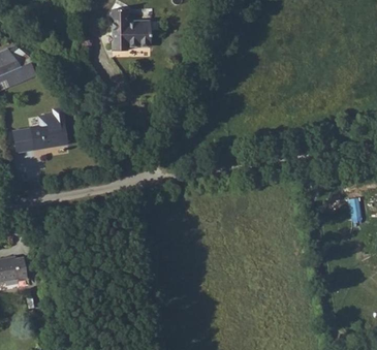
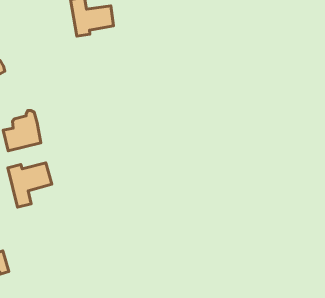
building: none -> [8,163,52,207]

